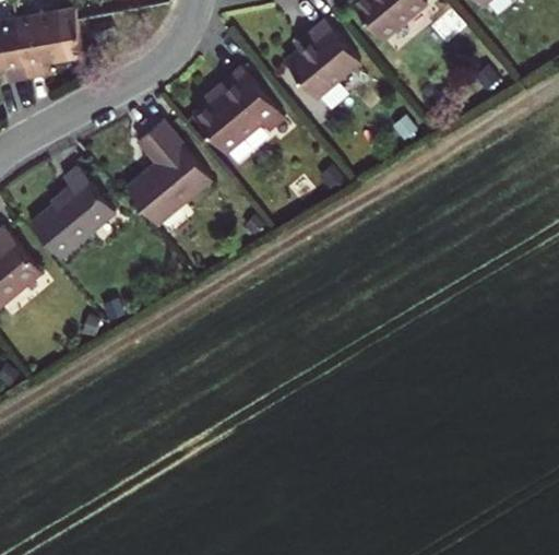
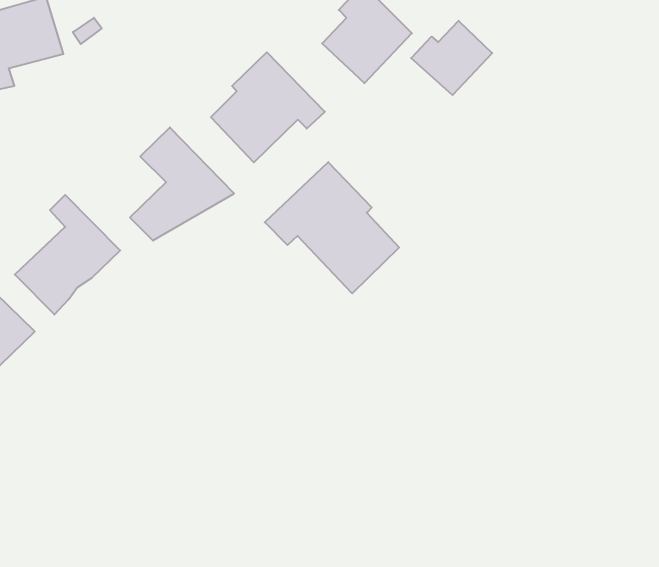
building: none -> [411,21,492,95]
building: none -> [265,162,399,293]

